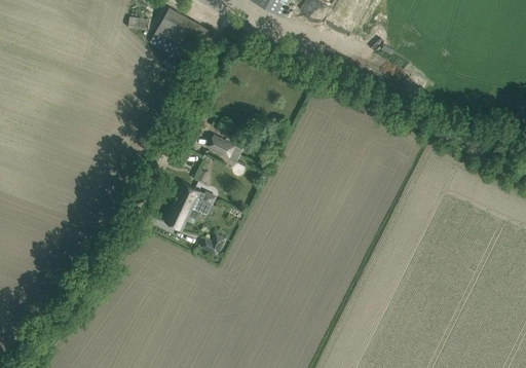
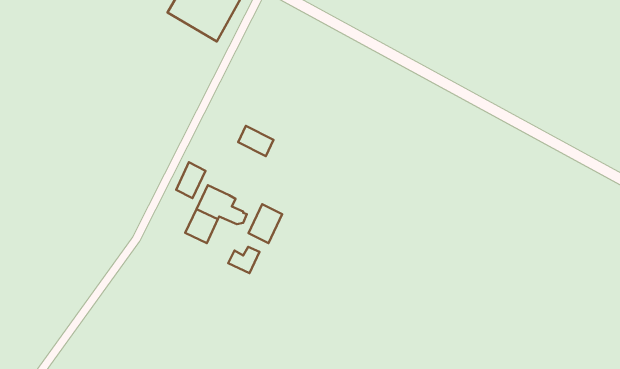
building: none -> [176,162,205,198]
building: none -> [248,204,282,243]

